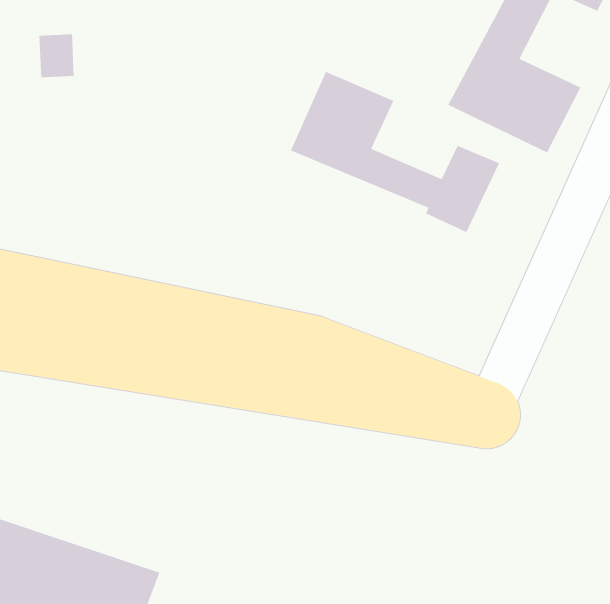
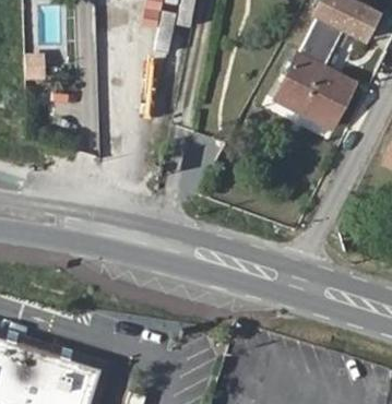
building: [290,71,500,233] -> none

